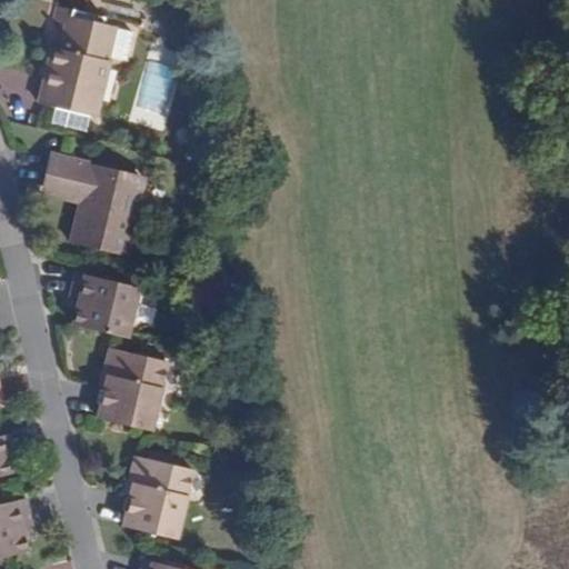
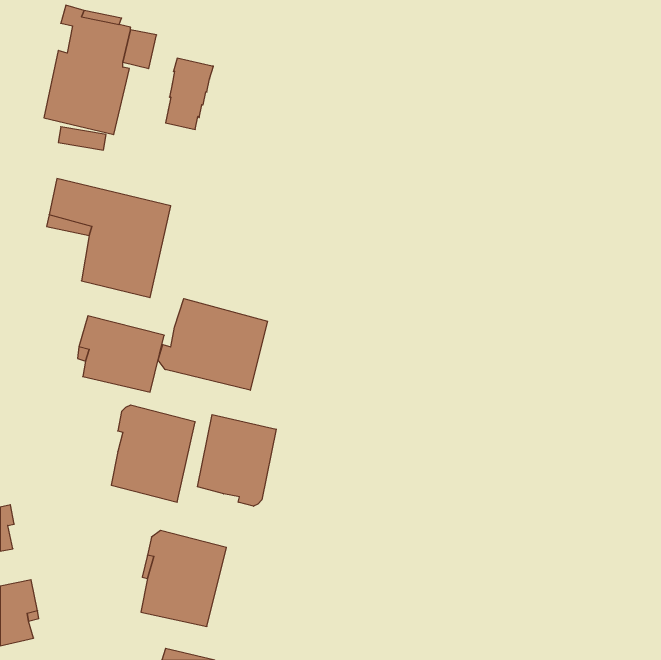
building: none -> [158,299,267,390]
building: none -> [197,415,276,506]

